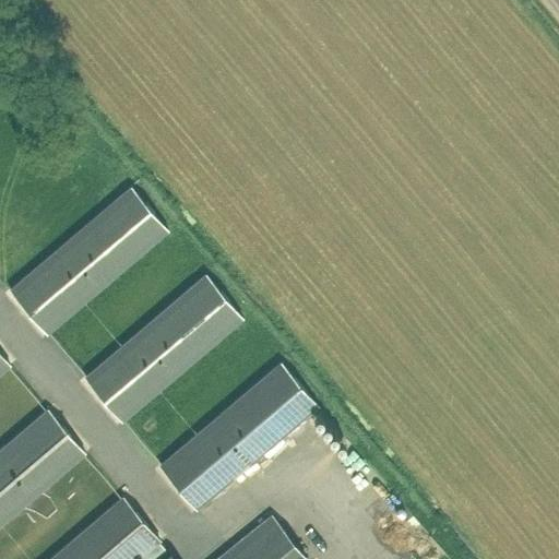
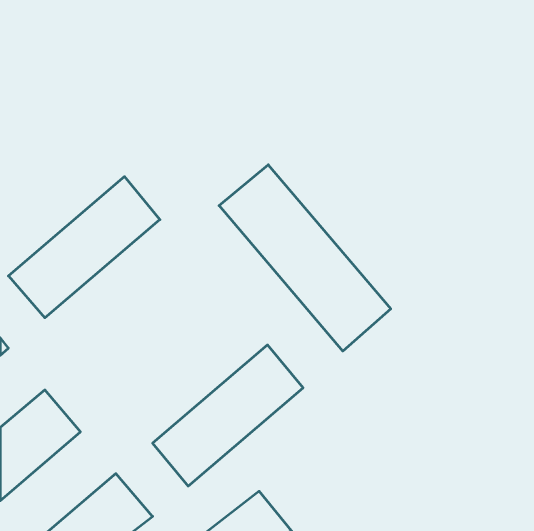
building: none -> [219,165,391,351]
building: [84,276,242,423] -> none

